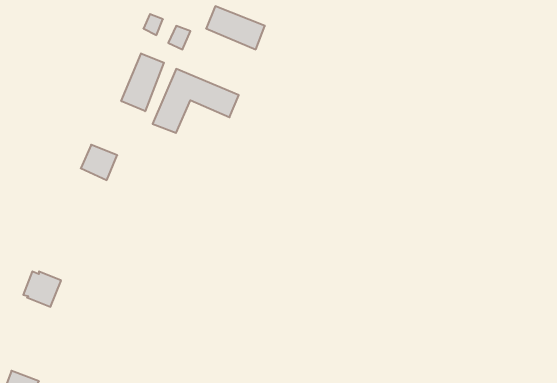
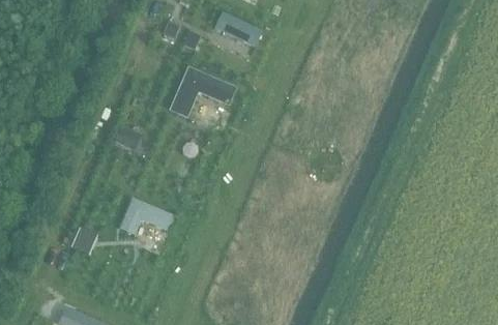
building: [121,53,164,111] -> none
building: none -> [120,198,174,235]

